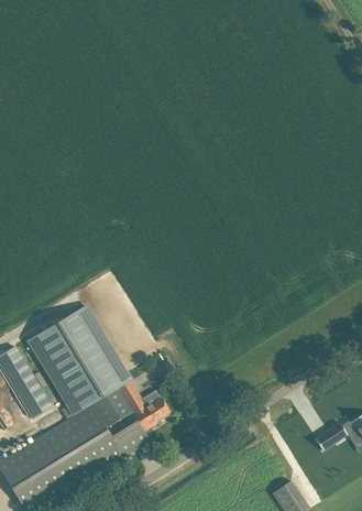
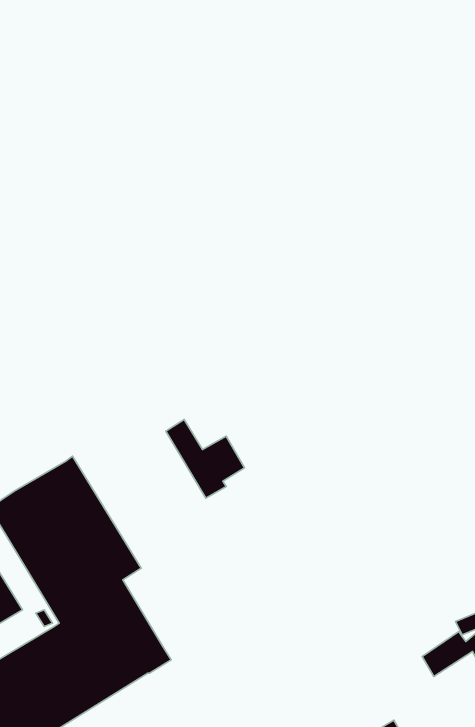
building: [117,379,168,431] -> [166,420,244,498]

